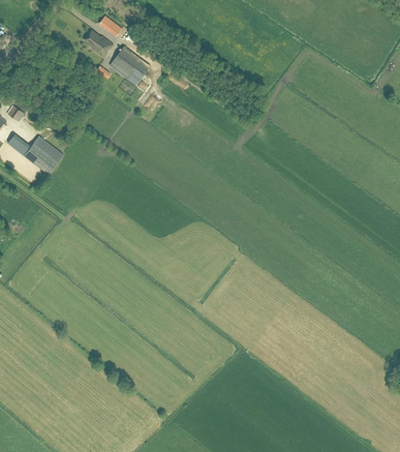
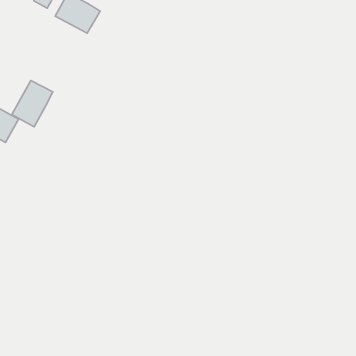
building: none -> [12,80,53,127]

